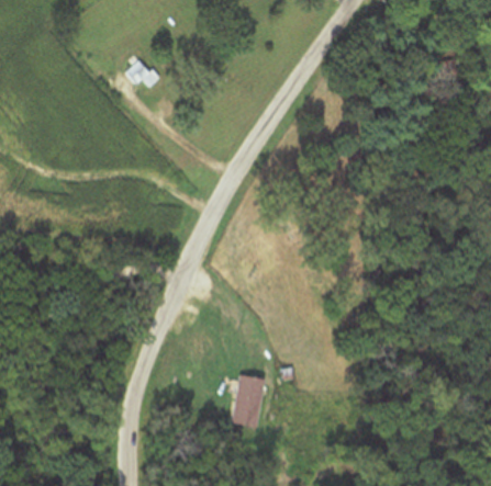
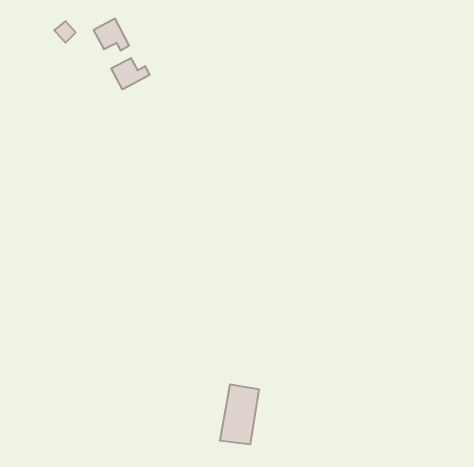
building: none -> [111,58,149,89]

